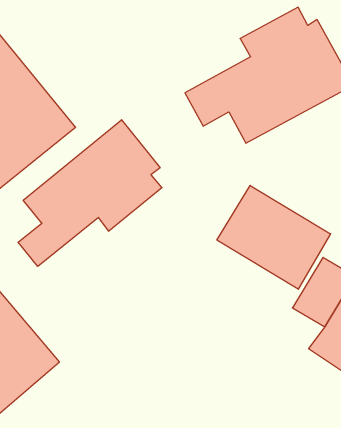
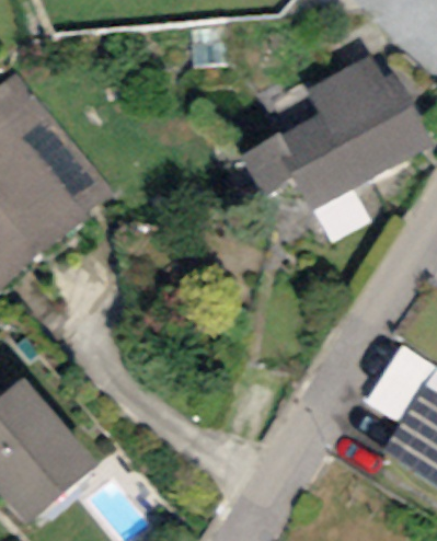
building: [18,120,162,266] -> none
building: [217,185,331,289] -> none

